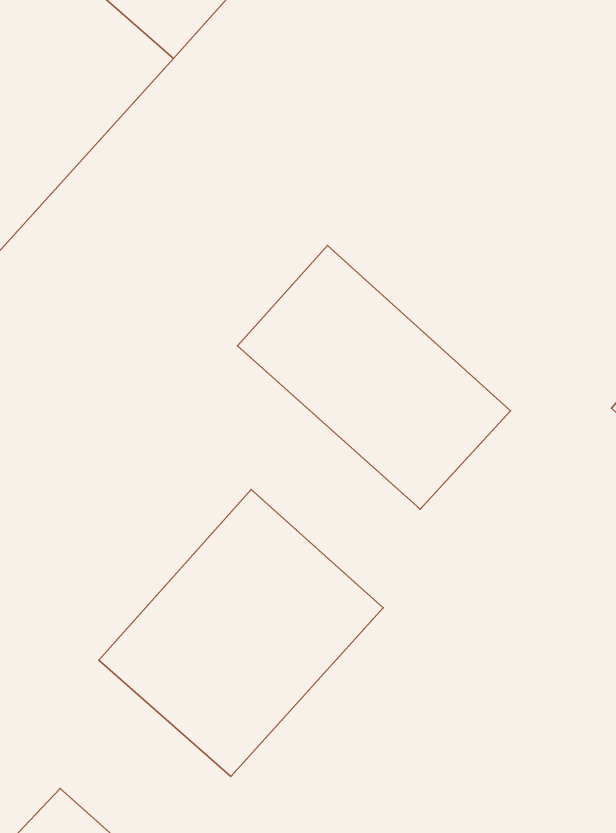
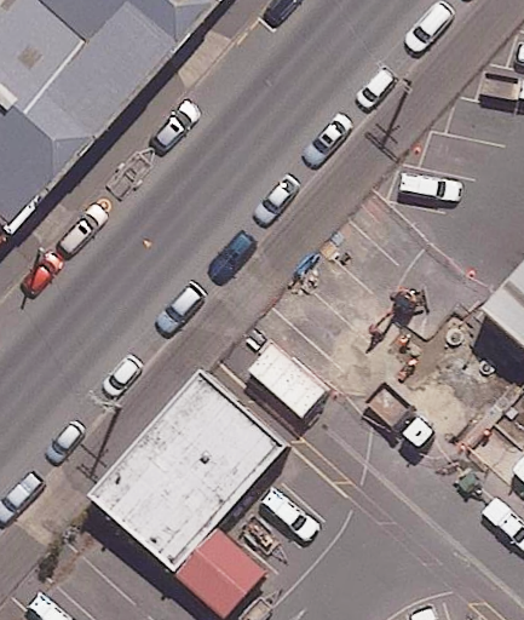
building: [237,246,510,509] -> none

